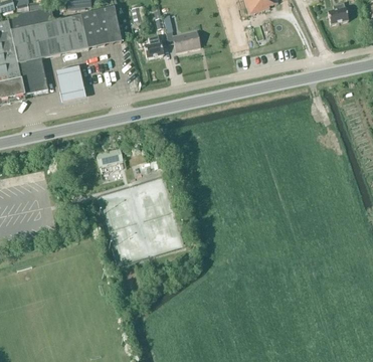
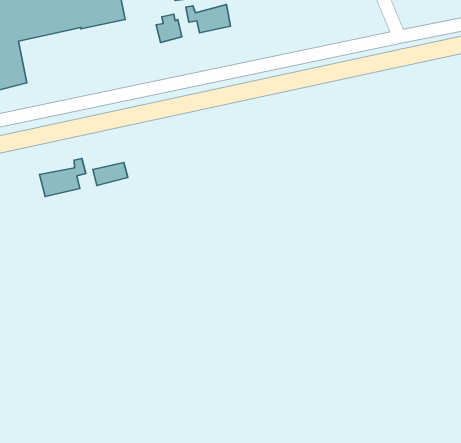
building: [54,66,84,103] -> none
building: none -> [40,158,86,197]

